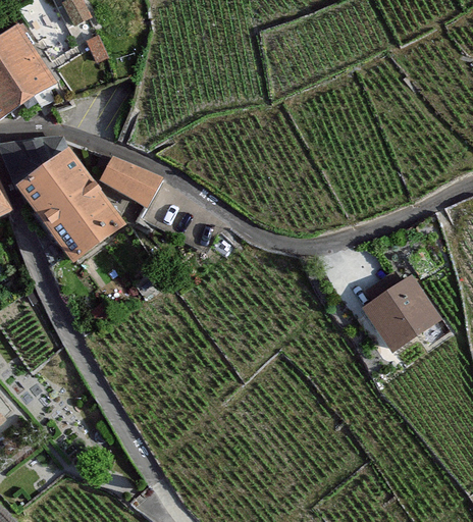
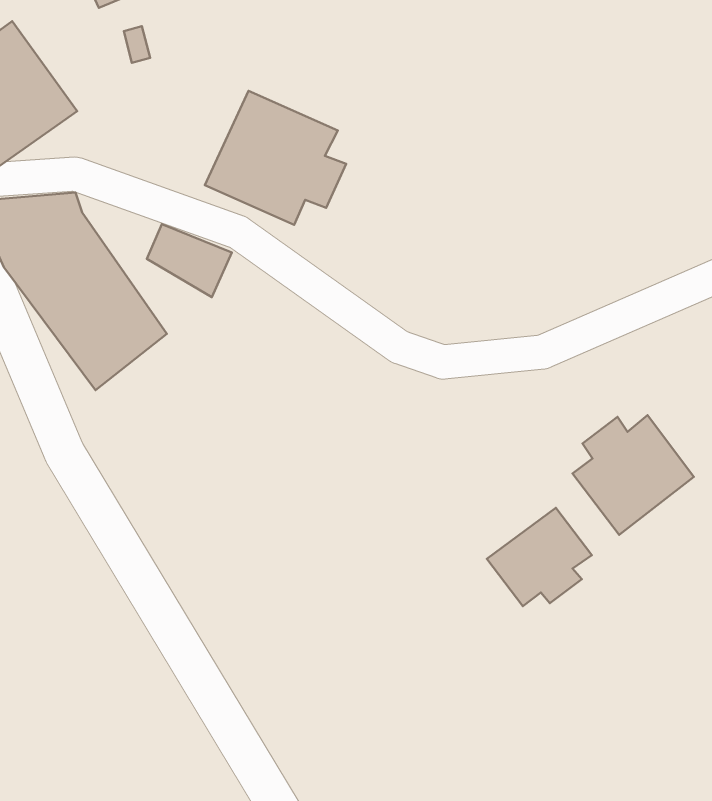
building: none -> [205,91,346,225]
building: none -> [487,508,592,606]

